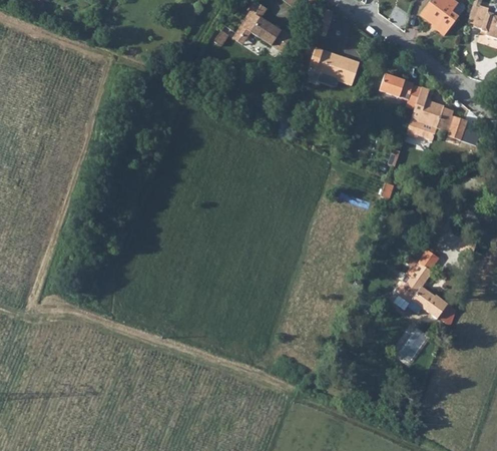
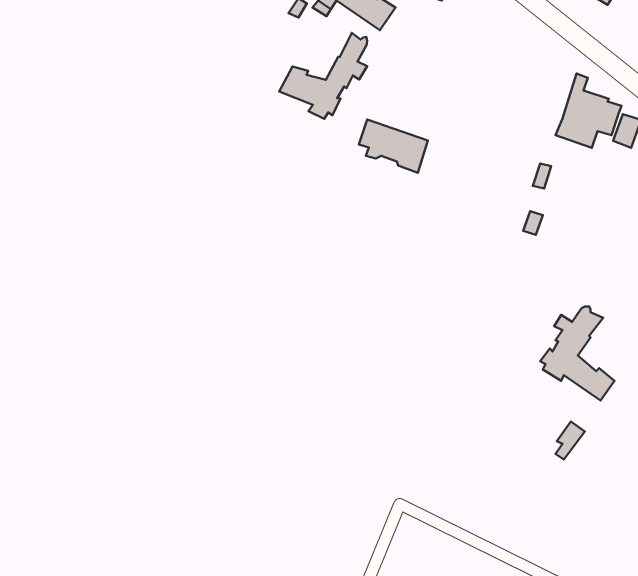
building: [311,46,360,84] -> [359,119,428,173]
building: none -> [279,33,367,119]
building: [379,71,421,106] -> none

